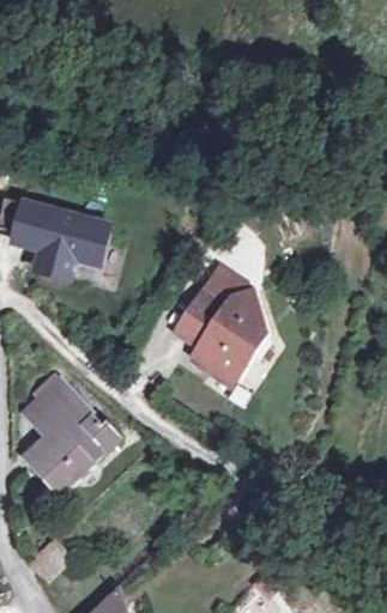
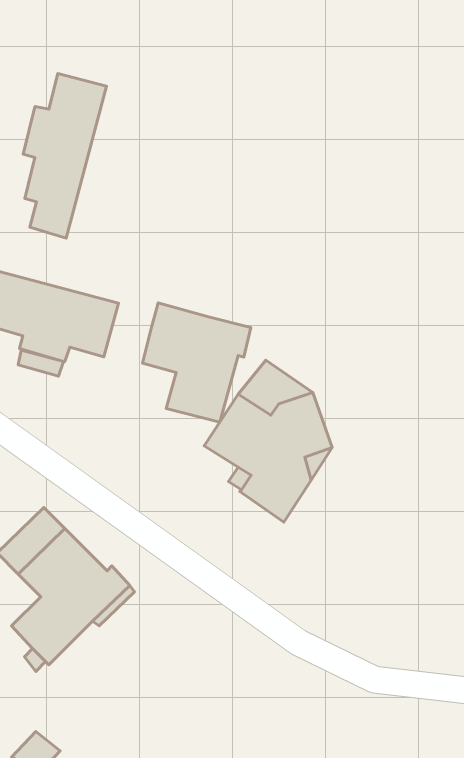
building: none -> [23,74,106,238]
building: none -> [143,303,251,422]

